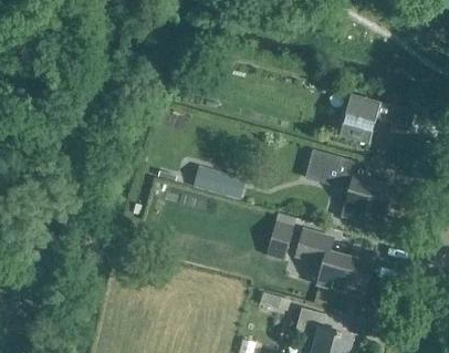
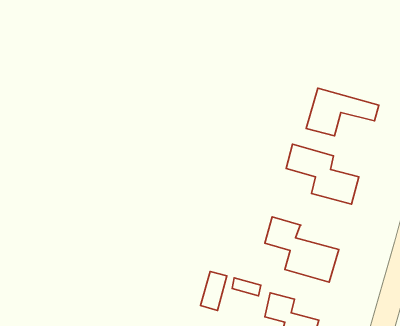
building: [192,165,246,199] -> none
building: [265,220,293,261] -> [201,272,227,311]

